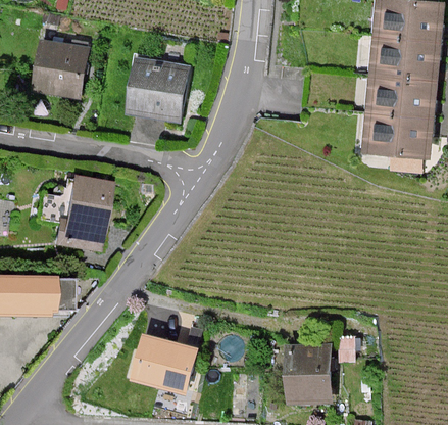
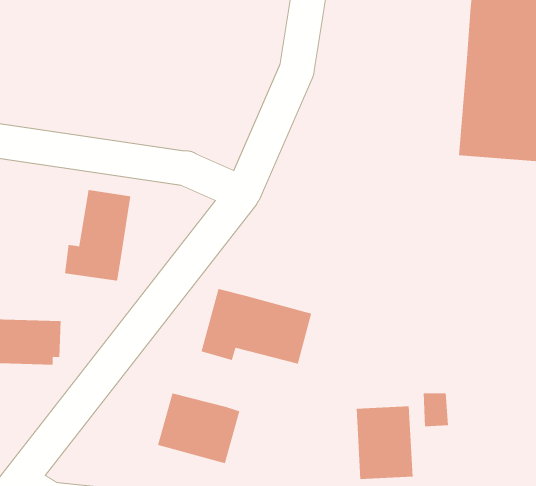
building: [35,41,85,95] -> none
building: [130,57,185,117] -> none
building: none -> [201,288,312,364]

